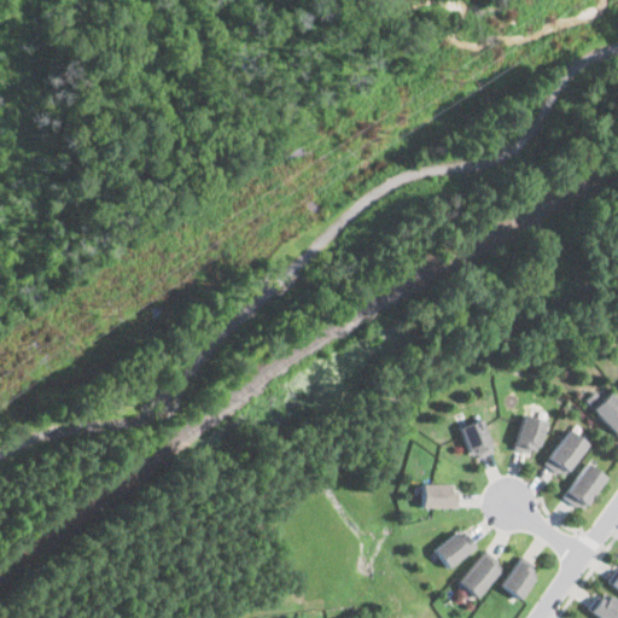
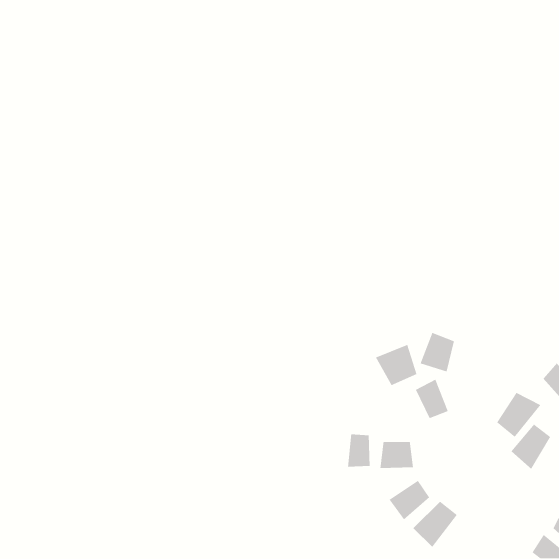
building: none -> [375,344,417,386]
building: [513,412,552,456] -> [420,332,455,373]
building: none -> [347,434,370,467]
building: [502,556,541,601] -> none

